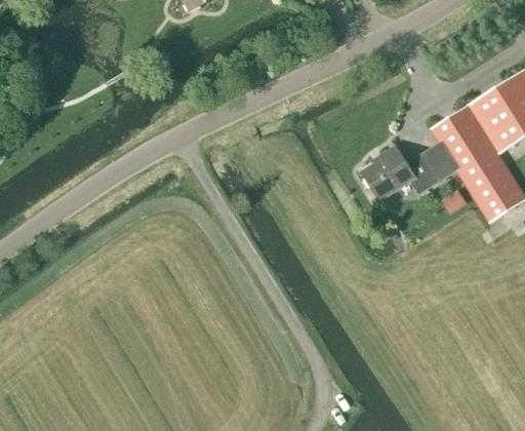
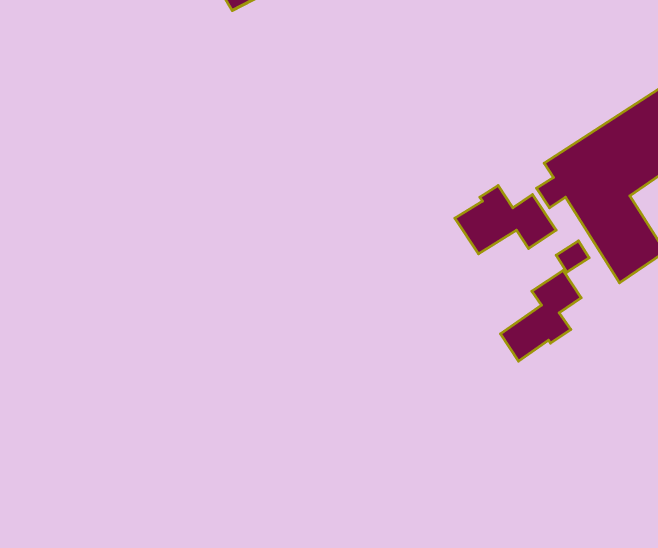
building: none -> [500,271,581,361]

